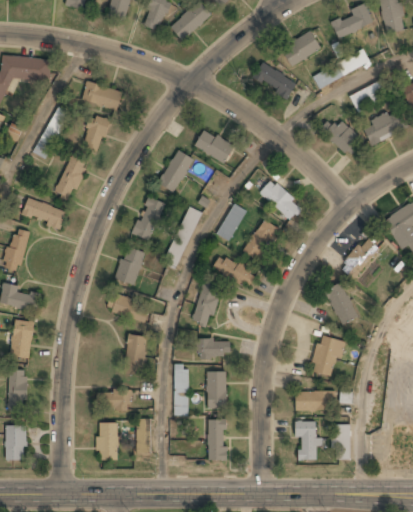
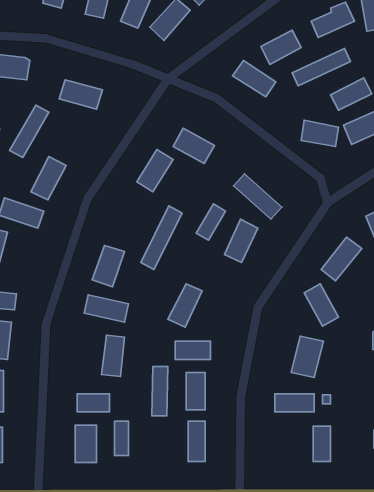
building: [79,114,111,154] -> none
building: [132,195,165,240] -> none
building: [213,254,256,288] -> none
building: [295,421,317,460] -> none

